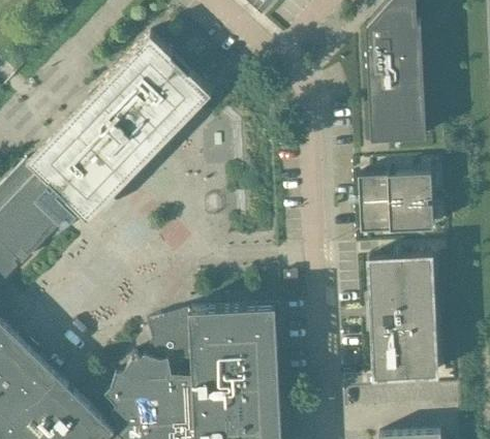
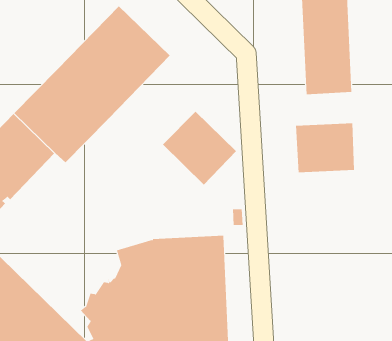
building: none -> [162,111,237,185]
building: [369,257,437,379] -> none

